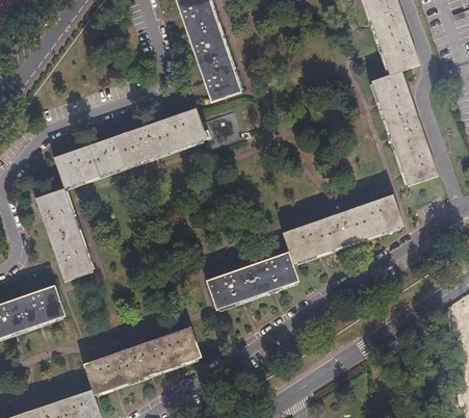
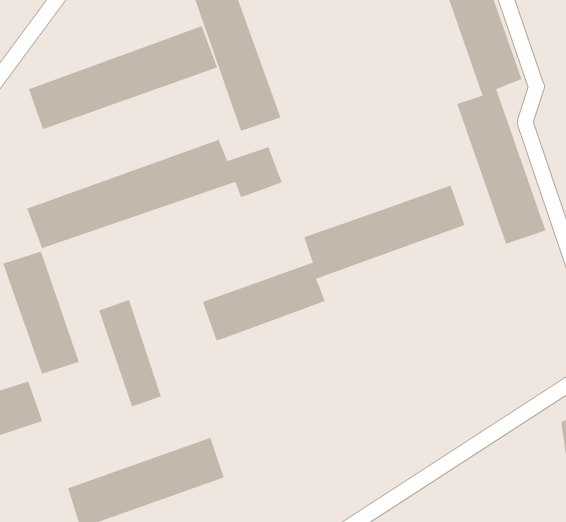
building: none -> [28,25,218,130]
building: [207,194,401,310] -> [202,184,465,341]
building: none -> [98,299,162,408]

